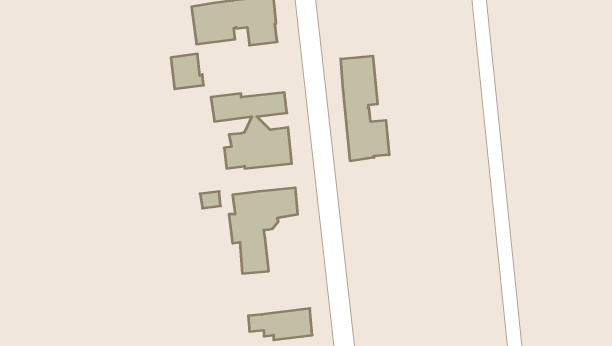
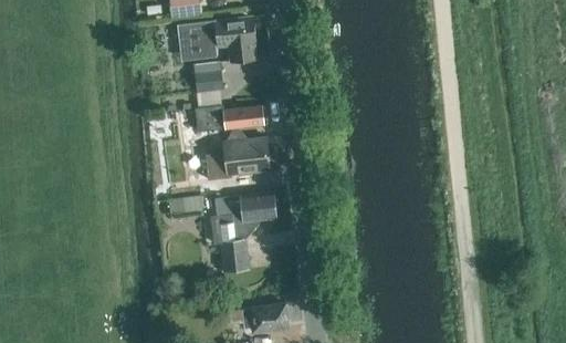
building: [171,54,204,89] -> [195,62,224,94]
building: [341,56,389,161] -> none

